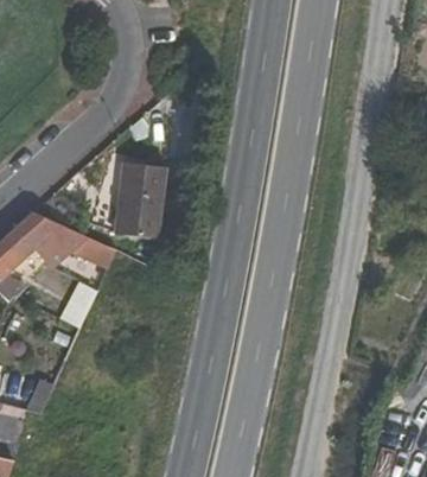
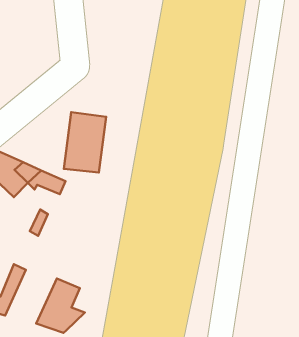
building: none -> [36,278,85,333]

